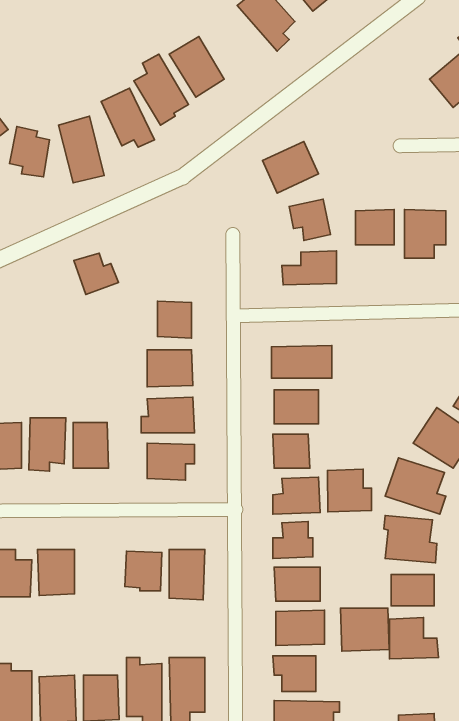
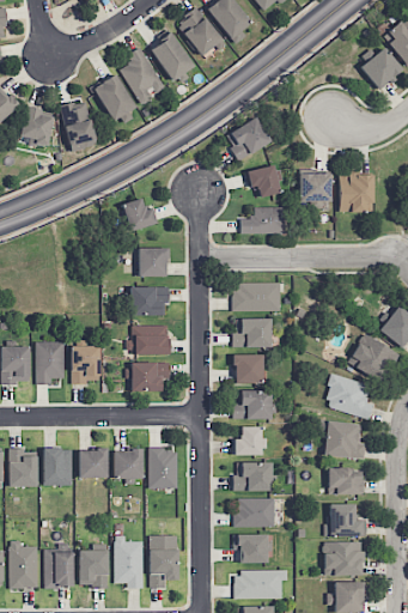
building: none -> [177,8,221,56]
building: [74,253,118,294] -> [122,198,158,231]
building: [328,469,372,512] -> none
building: none -> [80,449,108,477]
building: [340,608,389,651] -> [324,541,364,576]

